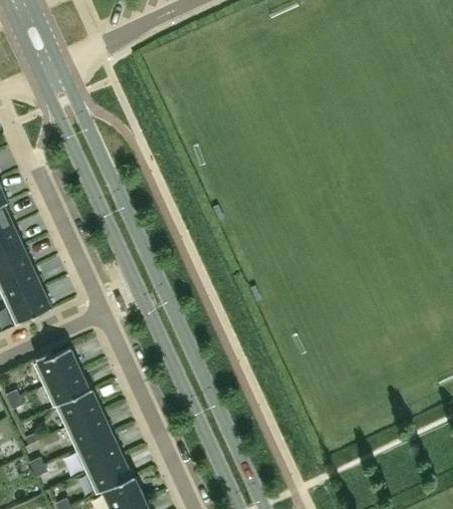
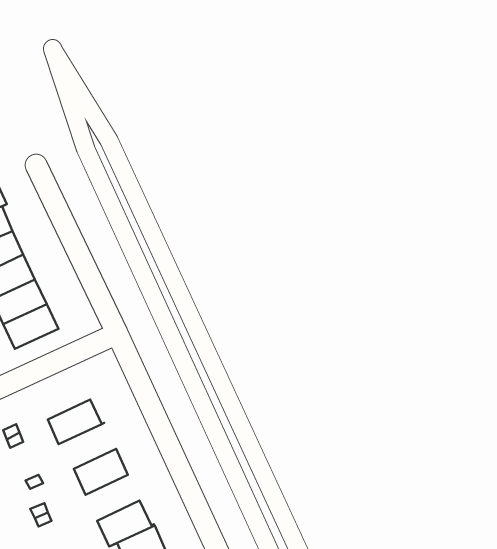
building: [33,348,79,387] -> none
building: [52,390,101,429] -> none
building: [75,434,122,473] -> none

